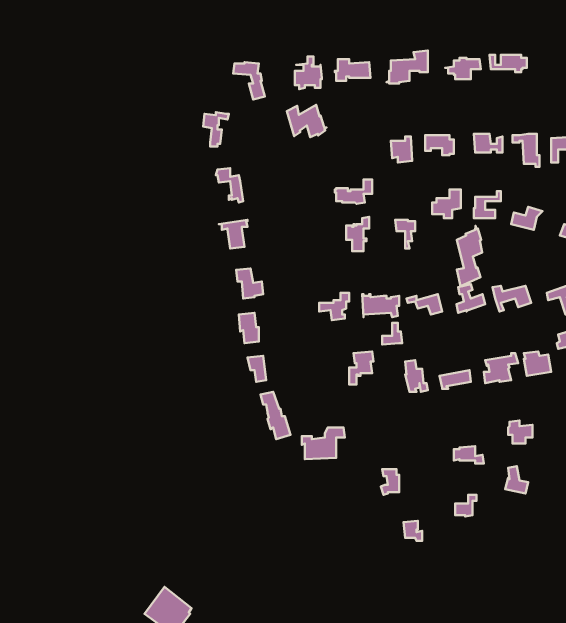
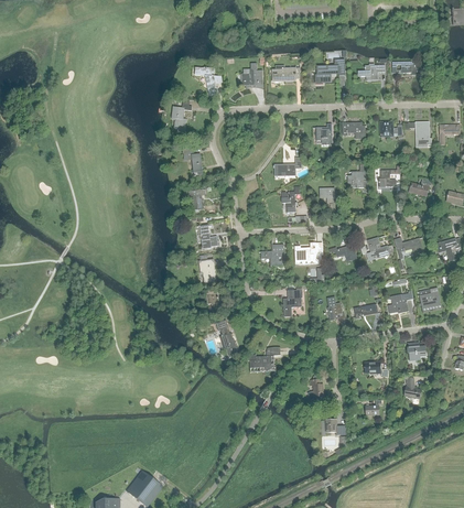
building: [287,105,327,137] -> none
building: [457,226,482,286] -> none

